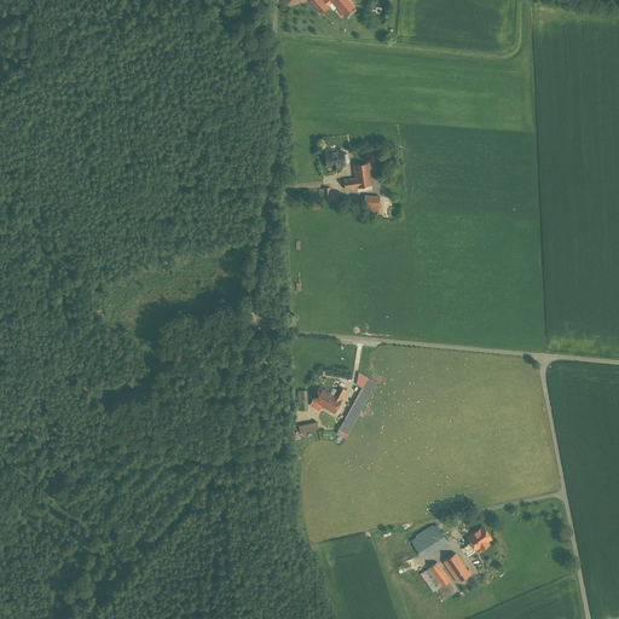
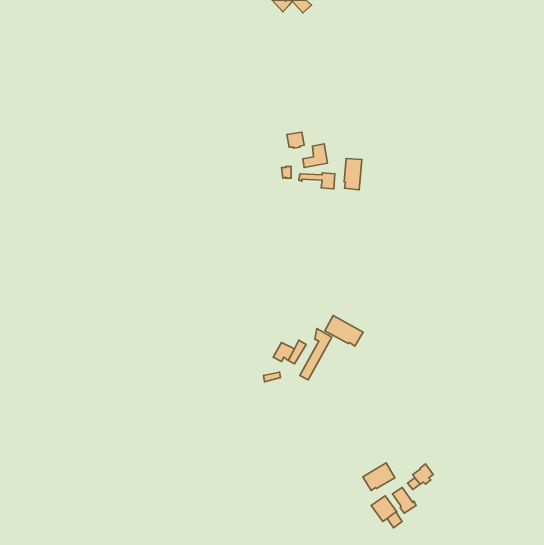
building: none -> [344,159,362,190]
building: none -> [325,315,363,346]

